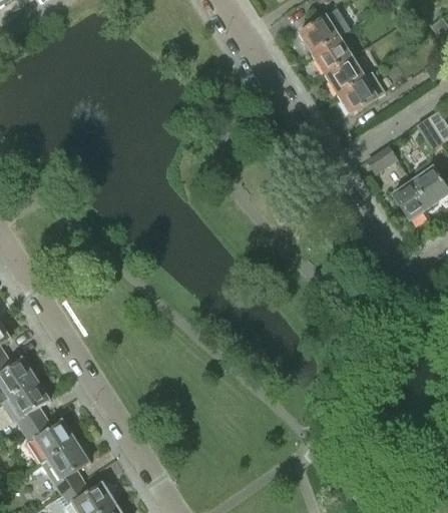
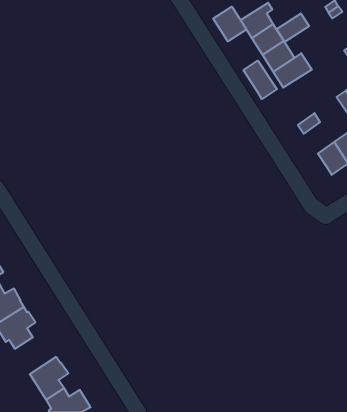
building: none -> [213,7,246,41]
building: none -> [277,13,309,42]
building: none -> [244,61,277,99]
building: [24,417,74,463] -> none

